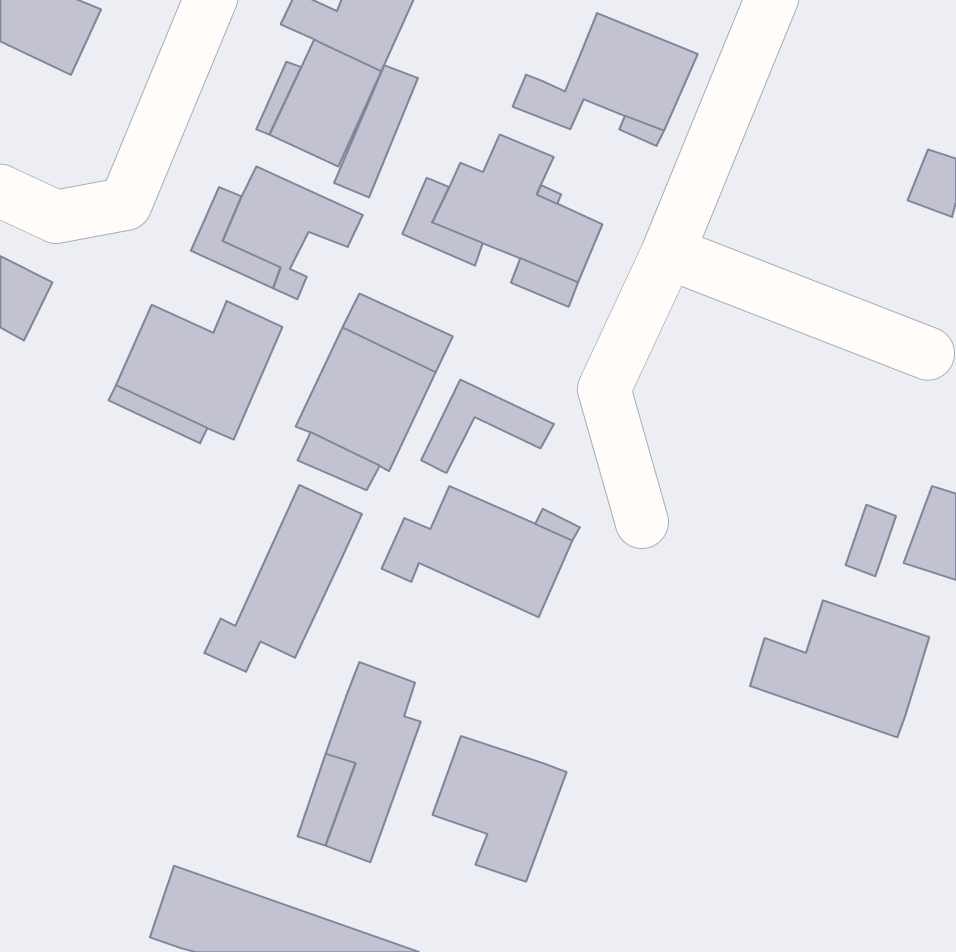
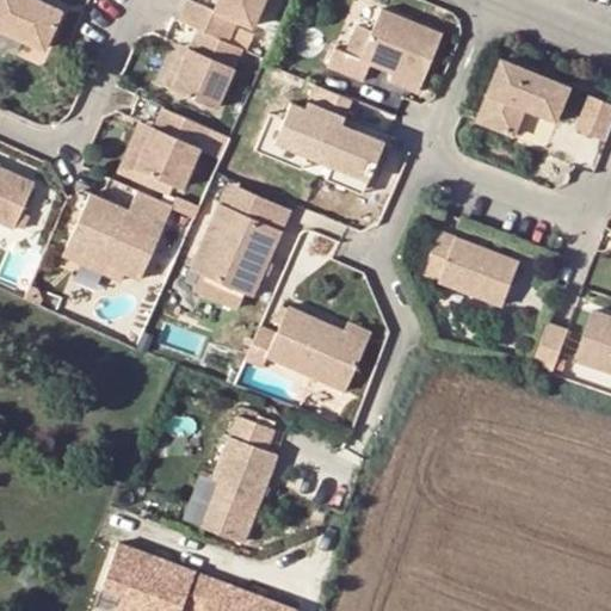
building: [334,65,418,198] -> none
building: none -> [480,60,573,132]
building: none -> [425,230,521,307]
building: [421,380,554,473] -> none
building: [204,485,362,672] -> none
building: [750,600,929,737] -> none
building: [433,736,566,882] -> none

